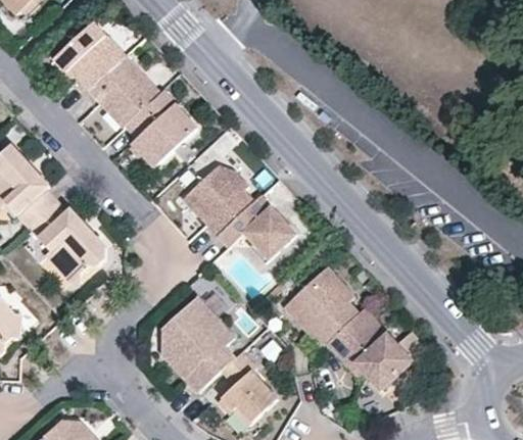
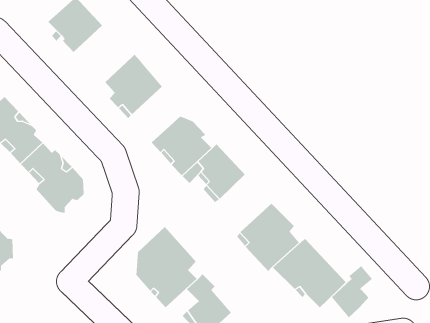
building: [90,57,159,128] -> none
building: none -> [331,265,373,318]

